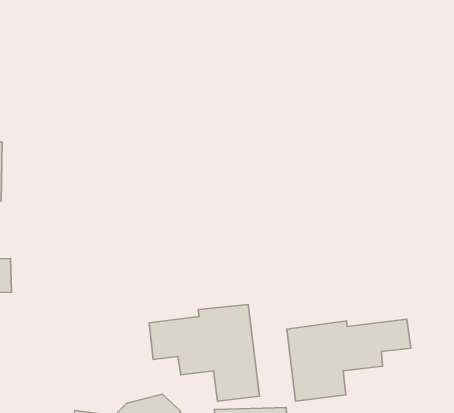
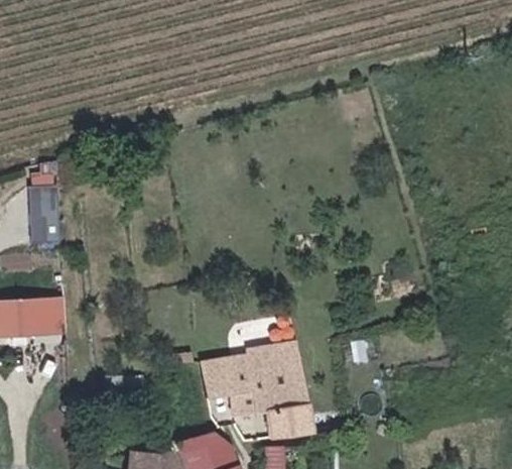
building: [287,319,411,401] -> none

